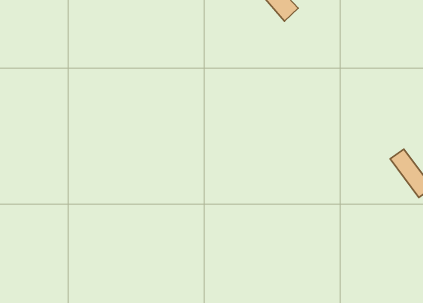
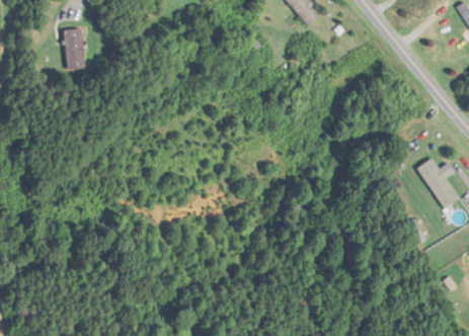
building: none -> [64,28,84,69]

